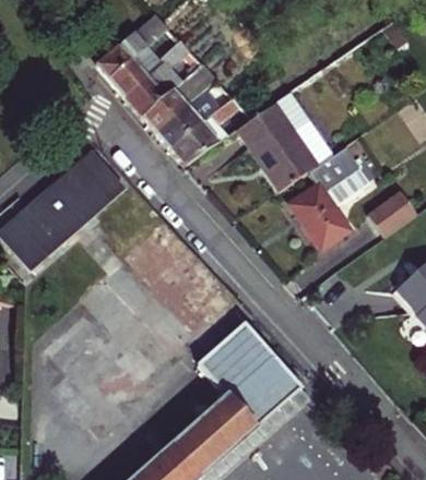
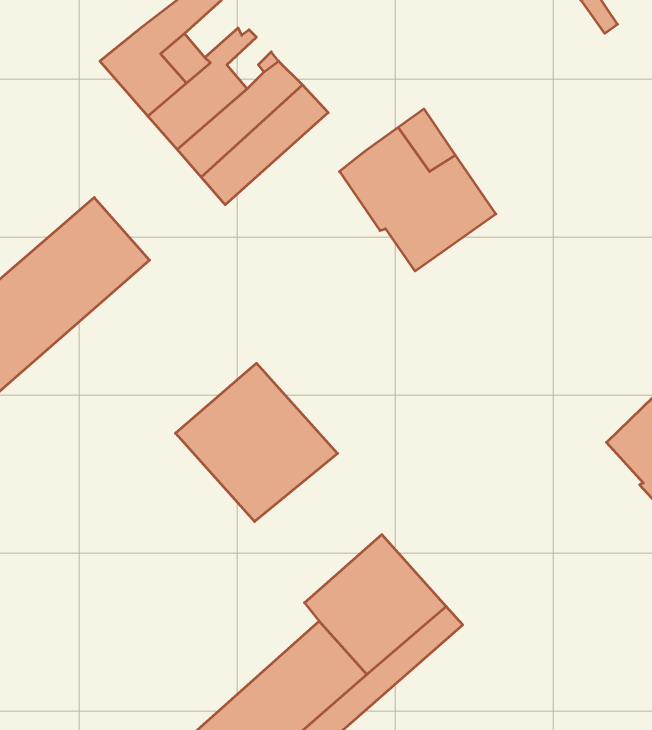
building: [170,95,240,166] -> none
building: [288,147,370,250] -> none
building: [368,191,417,238] -> none
building: [198,323,263,385] -> none

